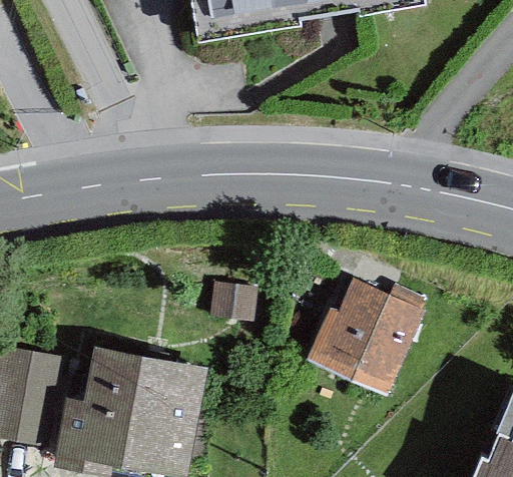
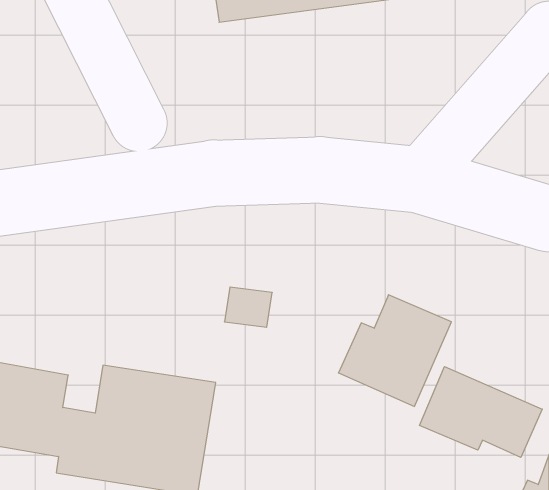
building: none -> [419,367,542,457]

